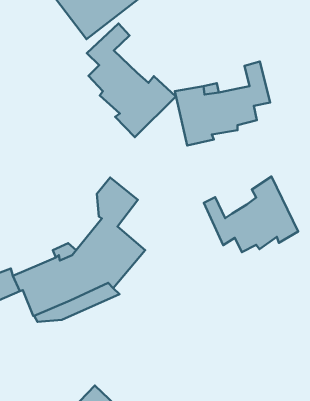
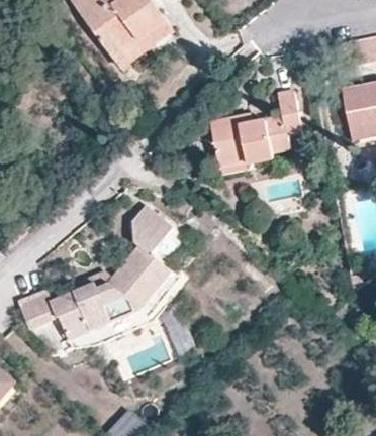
building: [87,23,176,137] -> none
building: [204,176,298,252] -> none

